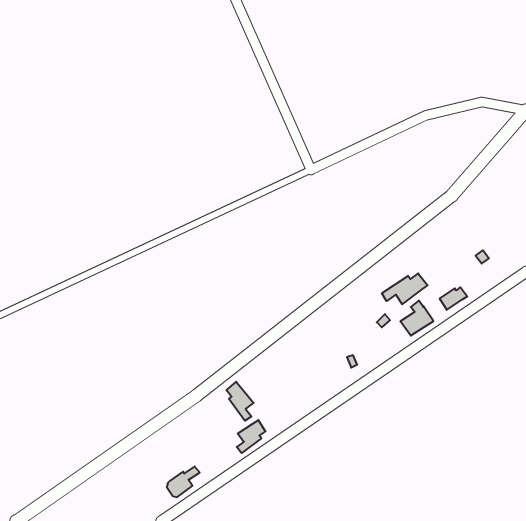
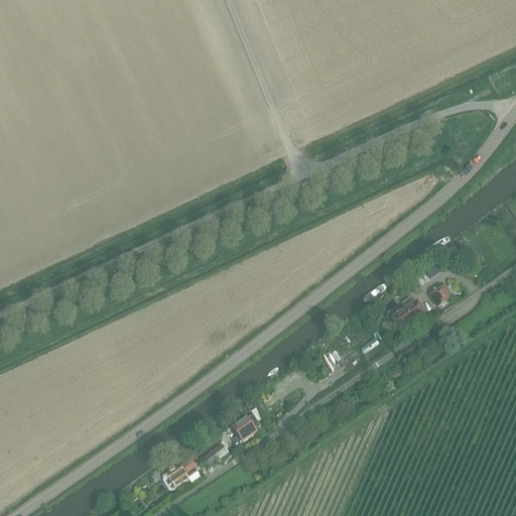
building: [382,273,428,304] -> none
building: [226,382,254,421] -> none

